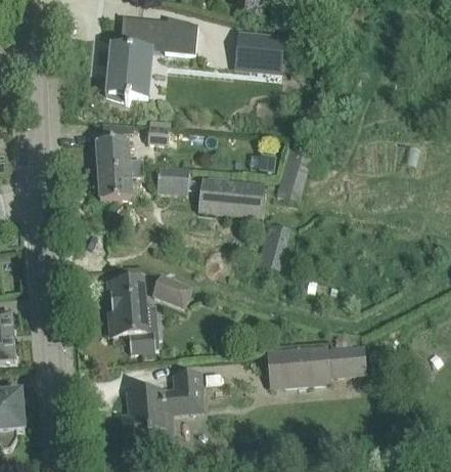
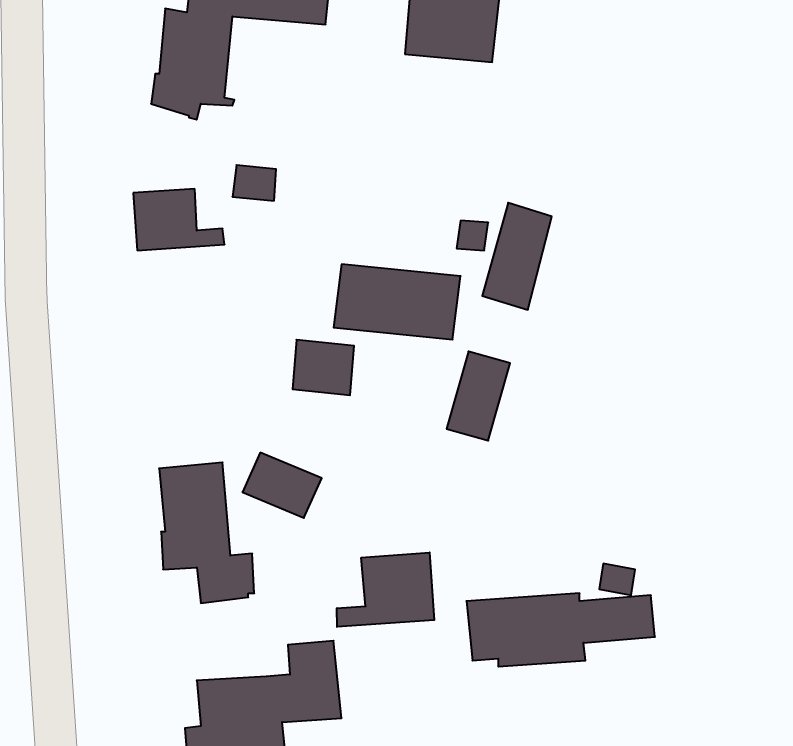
building: [157,166,189,195] -> [293,340,354,395]
building: [98,167,143,200] -> none
building: none -> [337,552,434,627]

